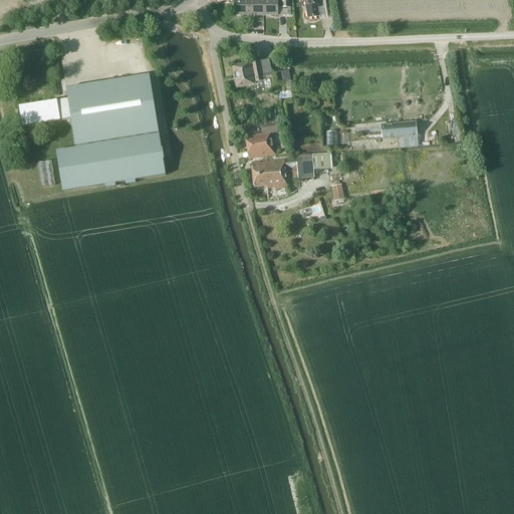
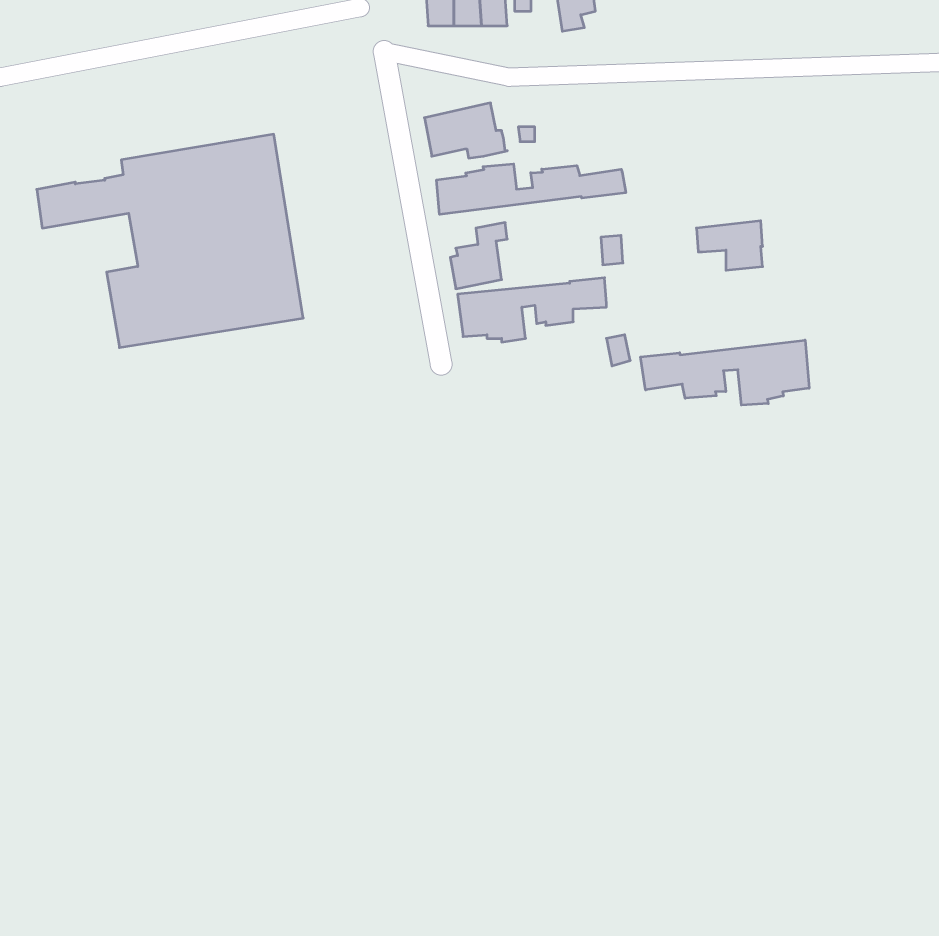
building: none -> [437,164,626,214]
building: none -> [641,340,809,405]

